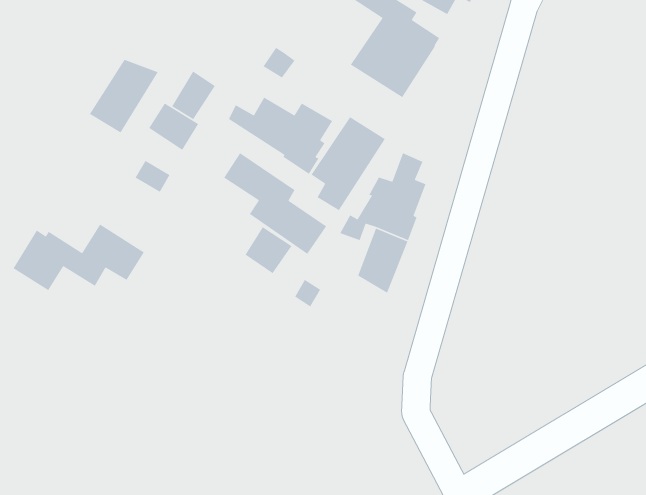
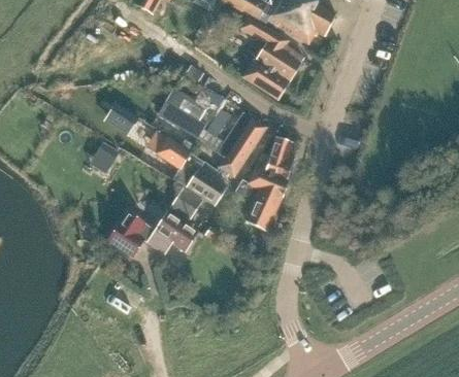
building: [89,59,159,134] -> none
building: [171,71,216,120] -> none
building: [12,223,145,291] -> [107,211,198,258]

